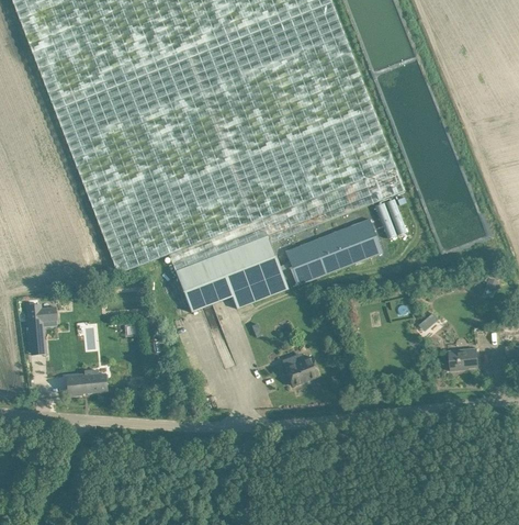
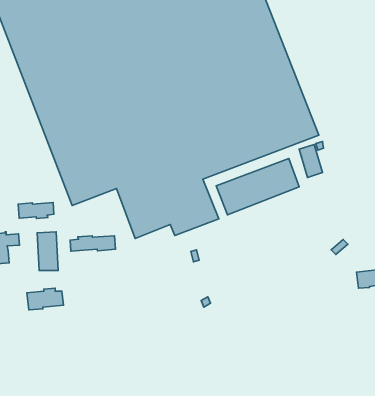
building: none -> [18,203,54,218]
building: none -> [70,236,116,251]
building: [283,355,319,384] -> none

